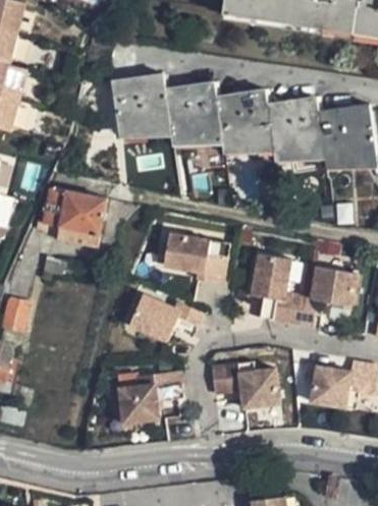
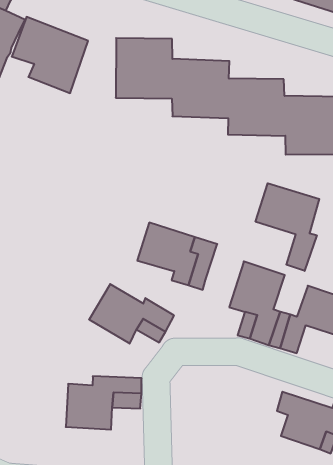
building: none -> [256,183,319,271]
building: [42,188,106,248] -> [12,17,88,93]
building: [208,359,280,407] -> none

